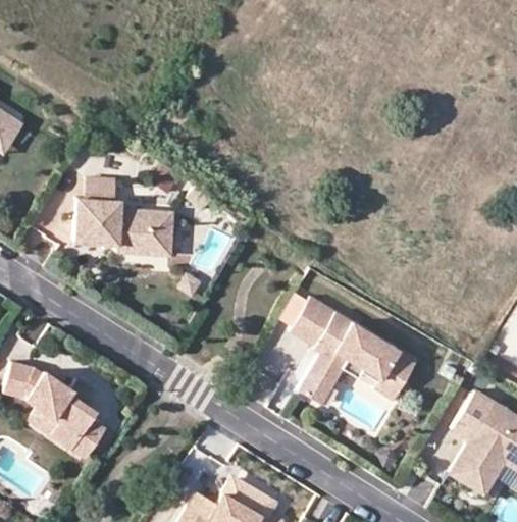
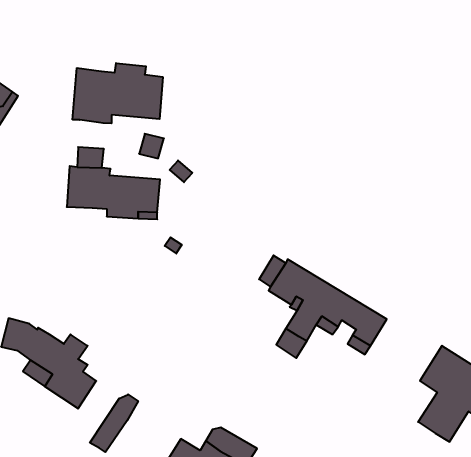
building: none -> [73,63,163,123]
building: none -> [90,394,138,452]

